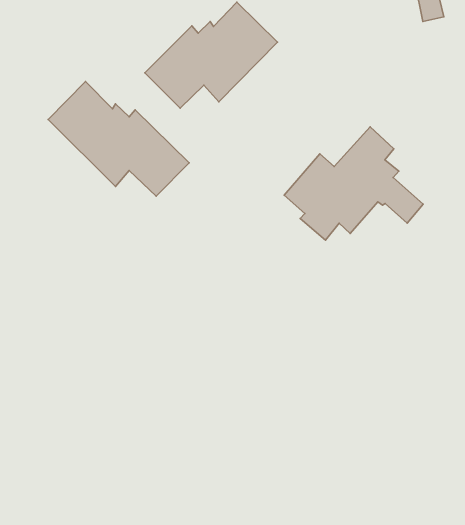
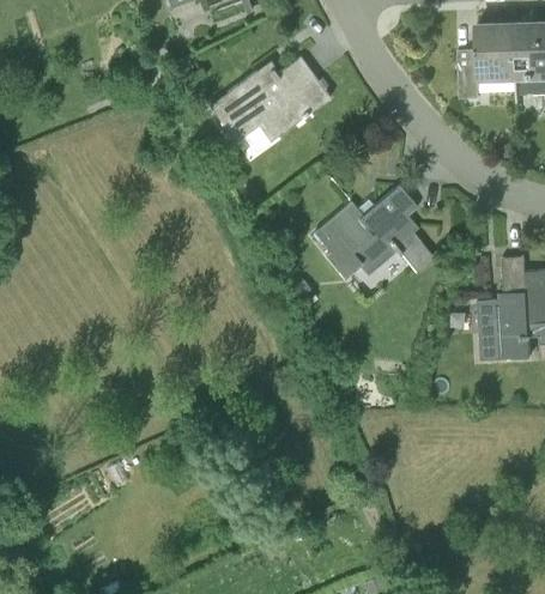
building: [48,82,189,196] -> none

